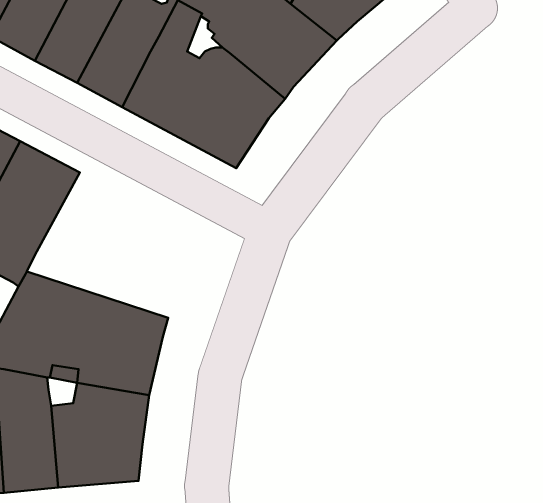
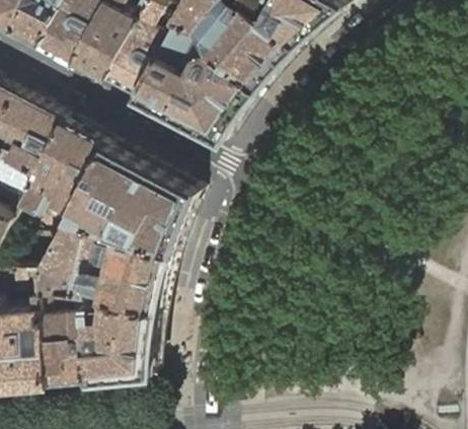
building: none -> [65,146,193,255]

